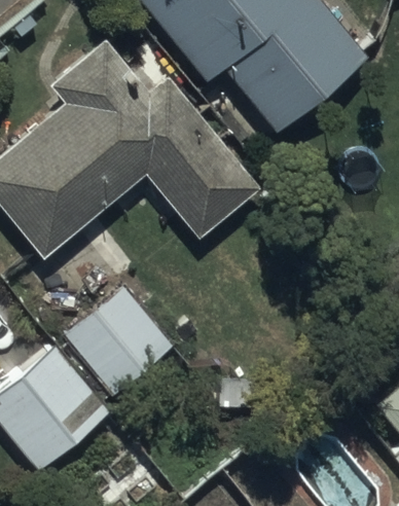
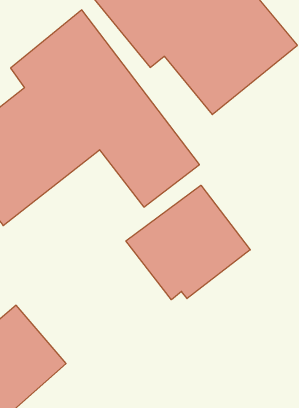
building: none -> [126,185,250,300]
building: [63,285,175,397] -> none

